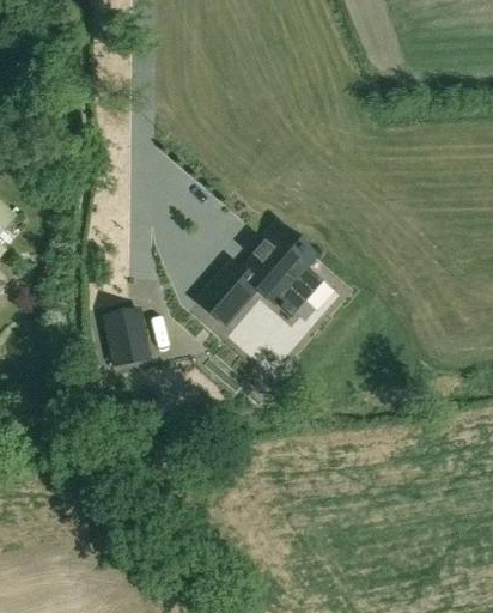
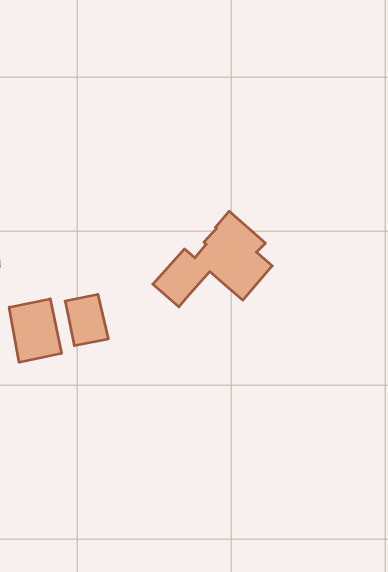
building: none -> [9,299,61,362]

